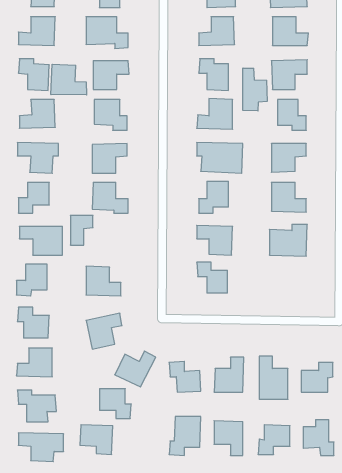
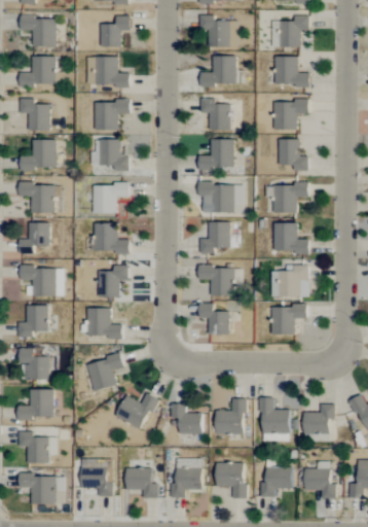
building: [51,64,87,95] -> none
building: [243,68,267,111] -> none
building: [70,215,93,245] -> [106,268,128,297]
building: none -> [271,306,307,335]
building: [100,389,131,418] -> [126,468,158,498]

